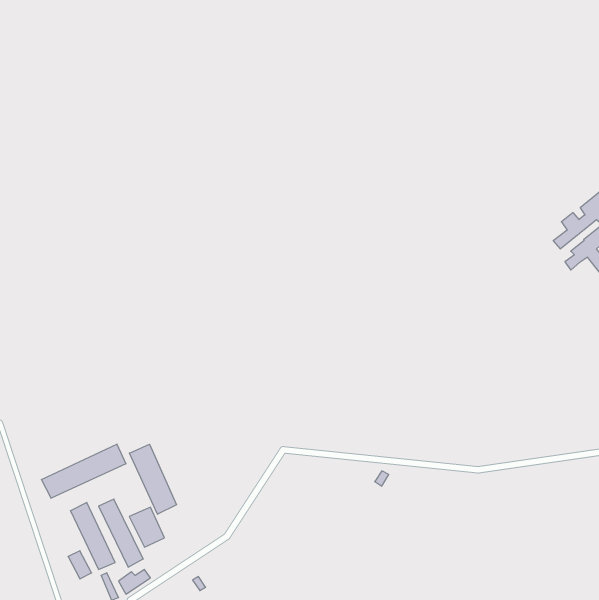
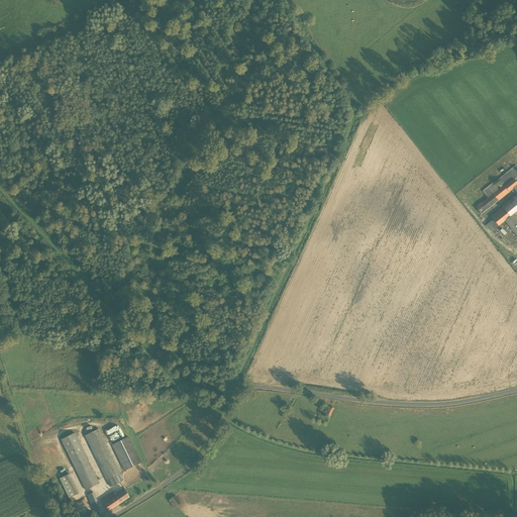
building: [41,444,126,498] -> none
building: [129,444,177,514] -> none

